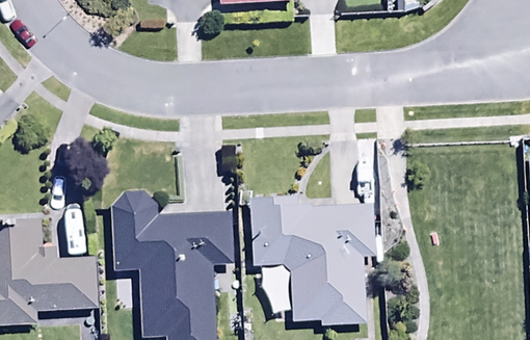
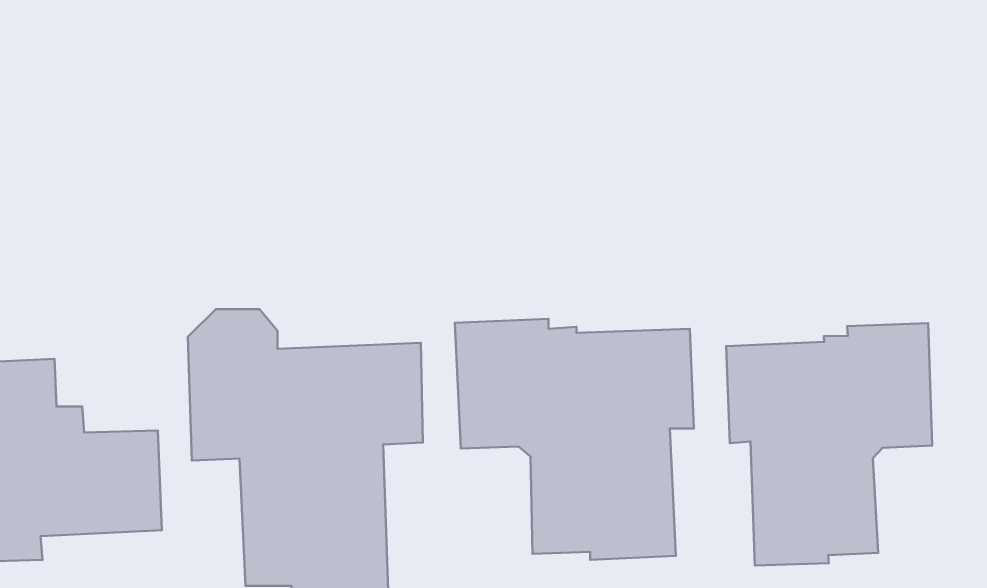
building: none -> [726,323,932,565]

